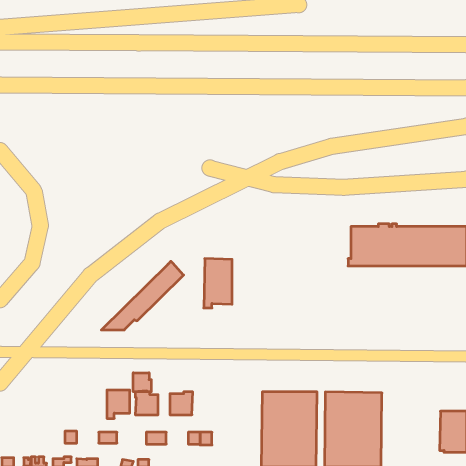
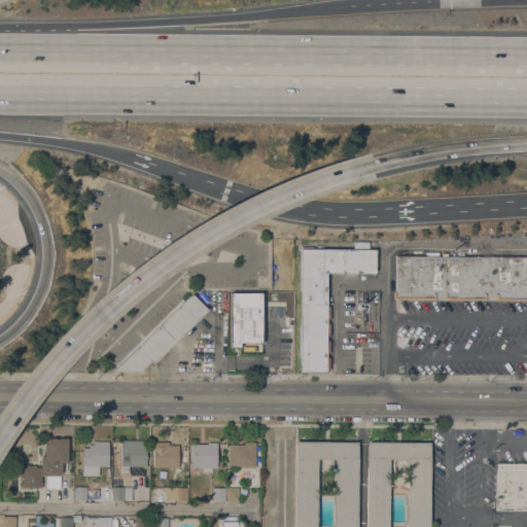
building: none -> [300,242,377,373]
building: [133,373,151,392] -> none
building: none -> [24,438,68,489]
building: none -> [83,442,109,477]
building: none -> [229,443,256,468]

